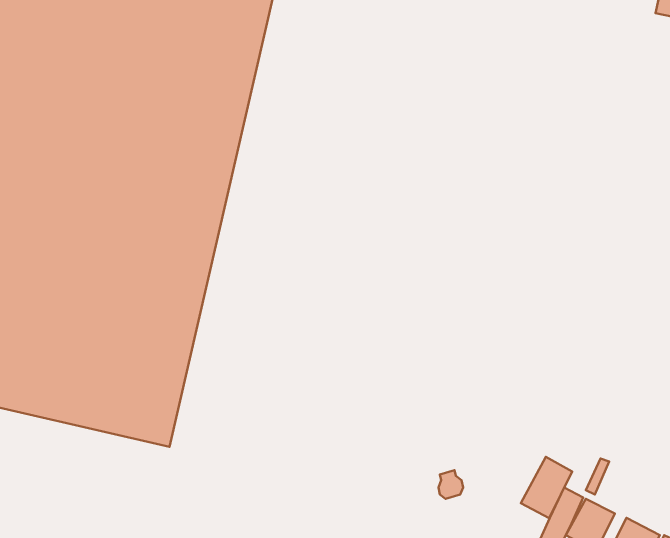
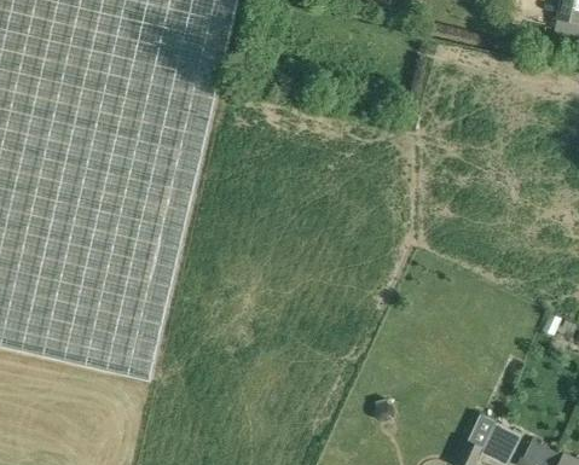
building: [521,457,572,518] -> none

